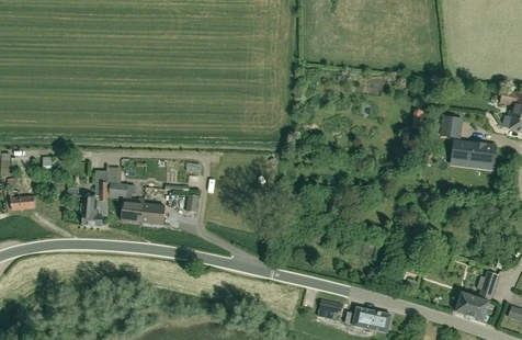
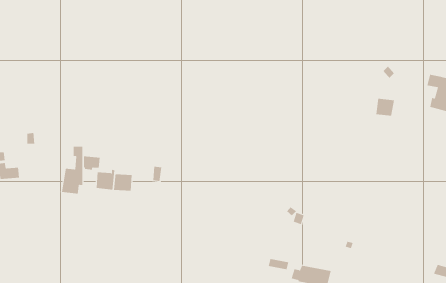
building: [452,141,495,163] -> none
building: [455,271,497,320] -> none

